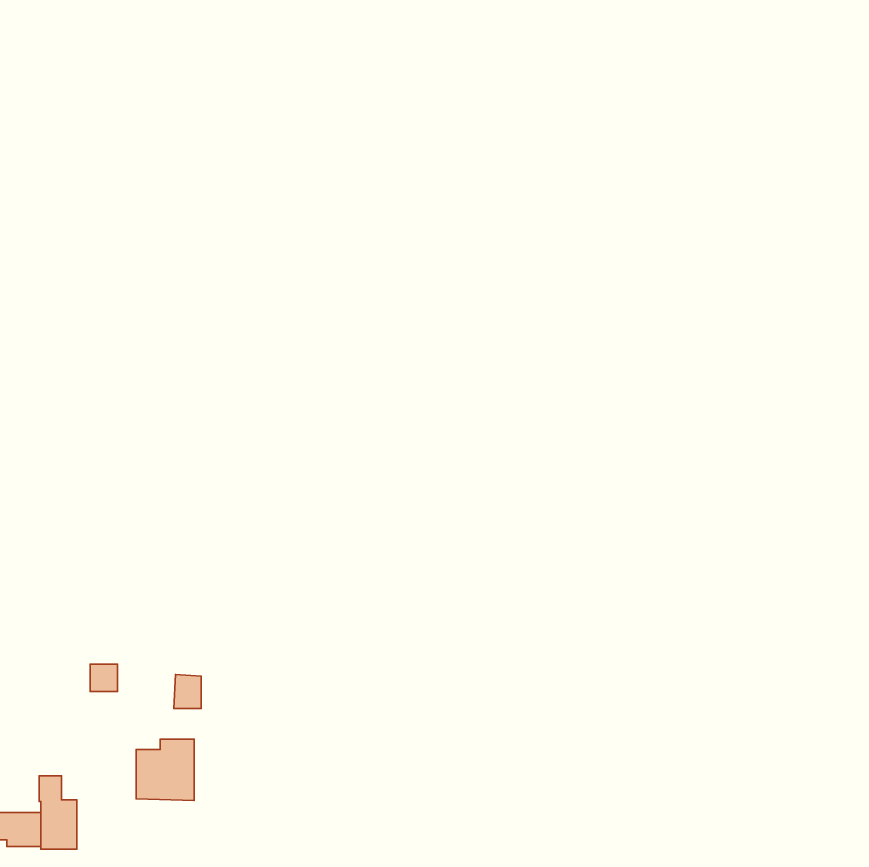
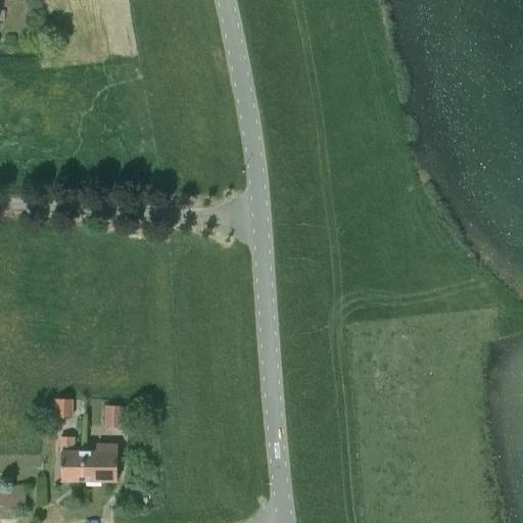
building: [39,776,77,849] -> [59,435,82,479]

